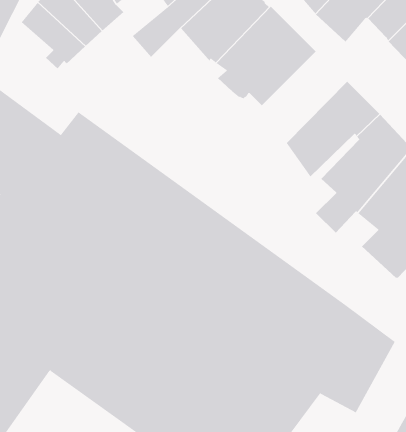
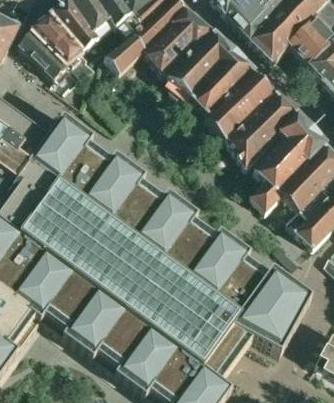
building: none -> [206,68,274,140]

